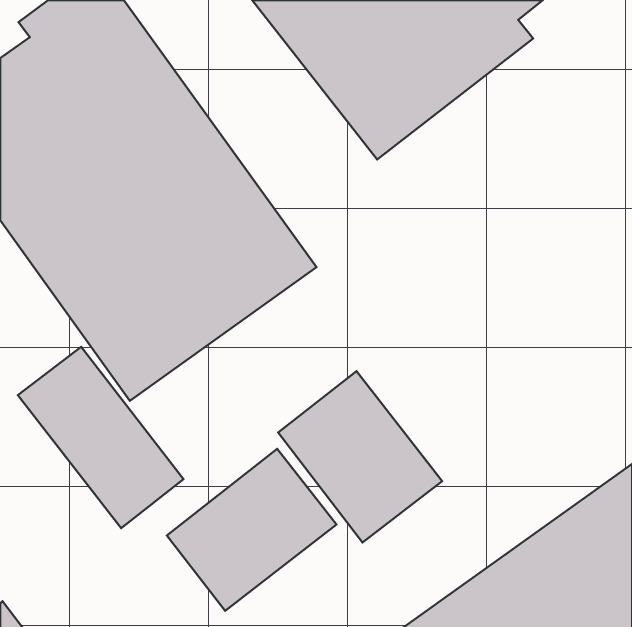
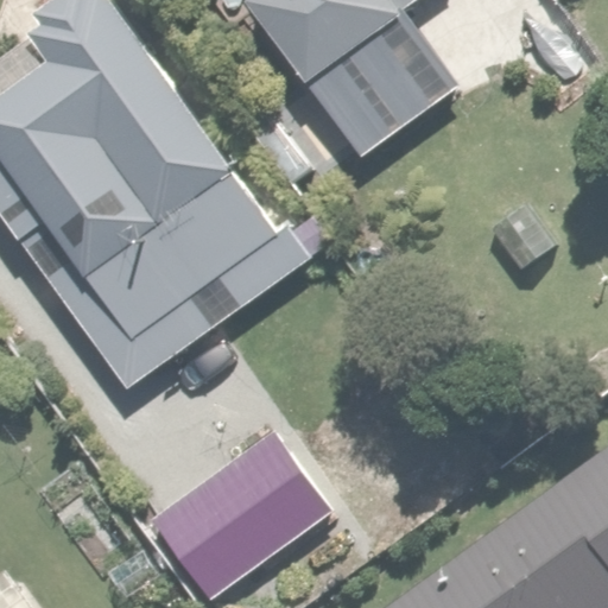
building: [18,347,183,528] -> none
building: [278,371,442,543] -> none

